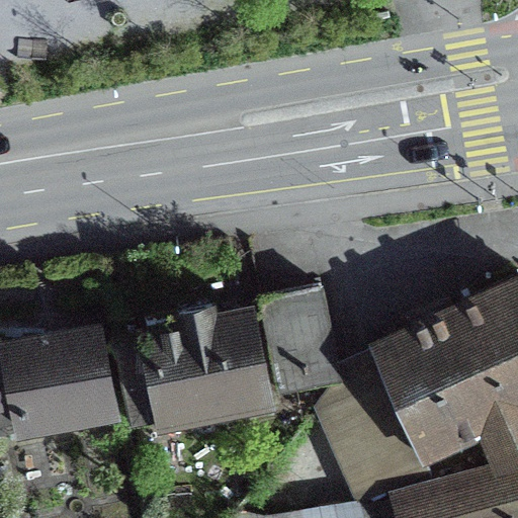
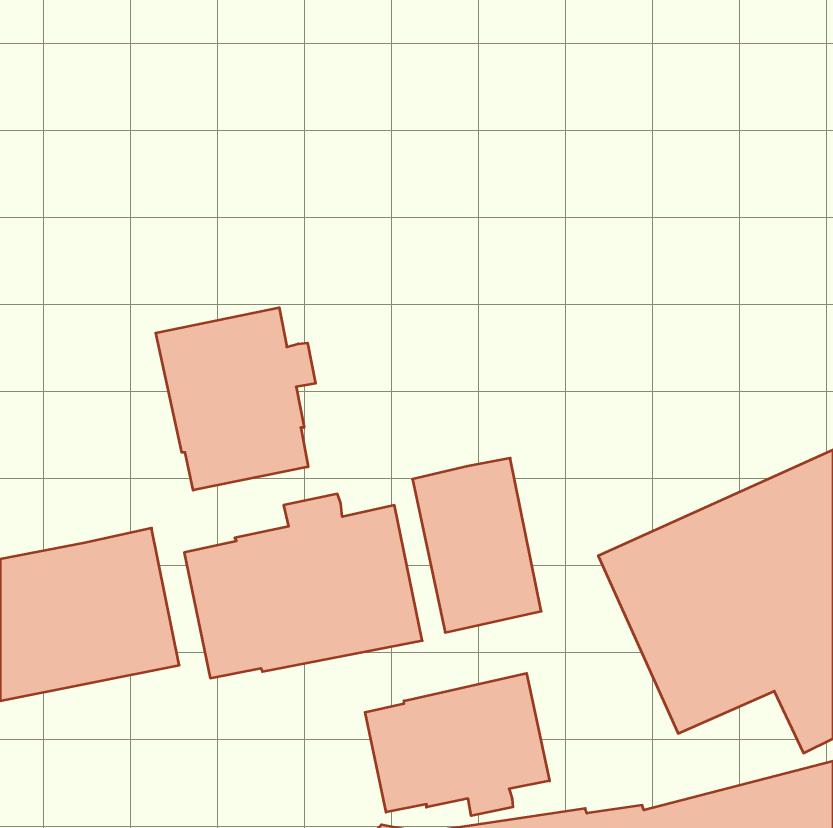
building: none -> [156,308,316,490]
building: none -> [365,673,550,816]

